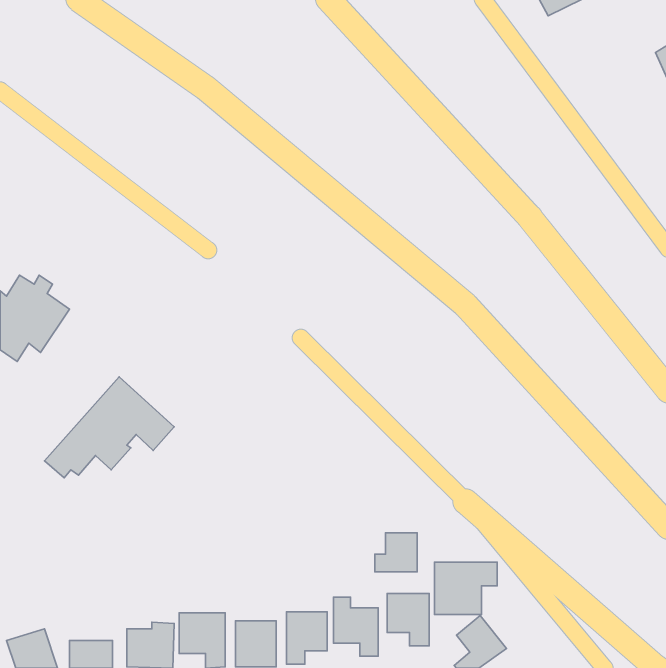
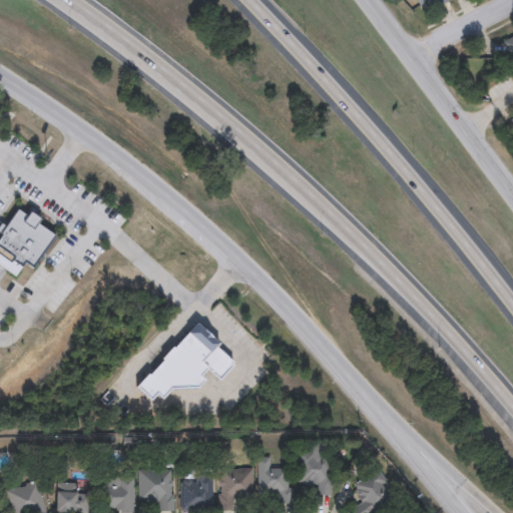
building: [45,377,174,478] -> [136,324,235,401]
building: [375,533,417,572] -> none
building: [434,562,497,615] -> none

